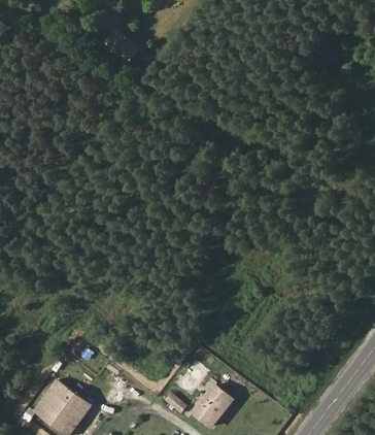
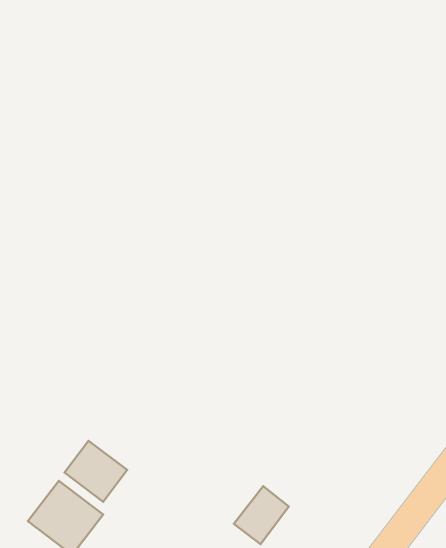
building: none -> [65,441,127,502]

